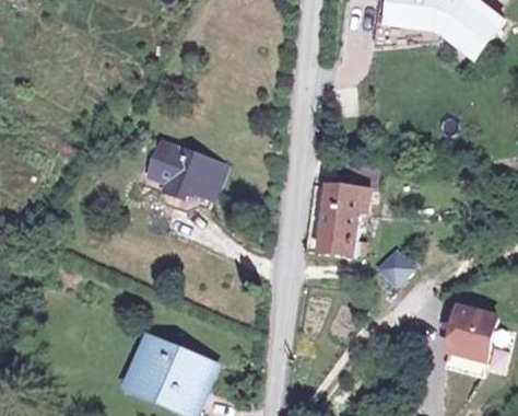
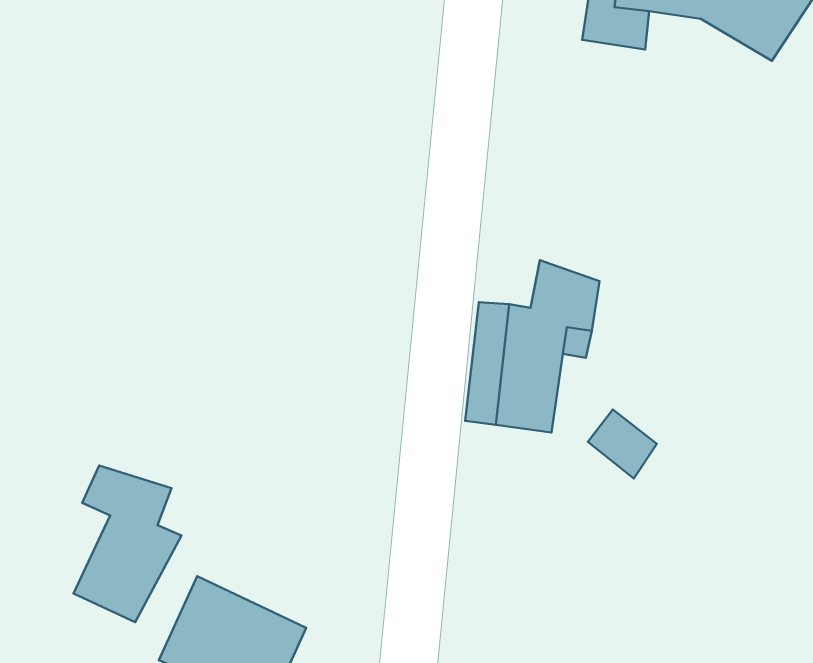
building: [142,146,224,205] -> none
building: none -> [73,466,181,622]
building: [451,311,501,361] -> none

